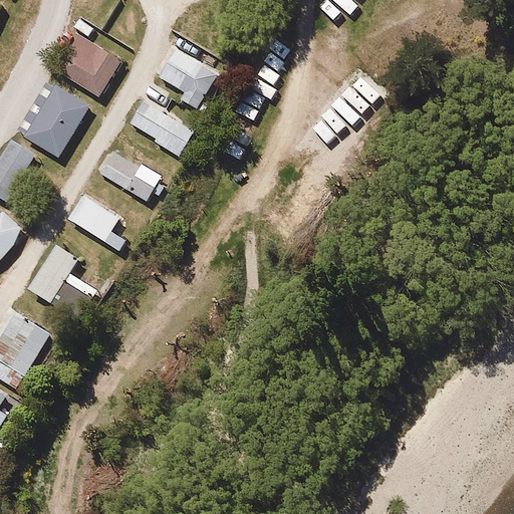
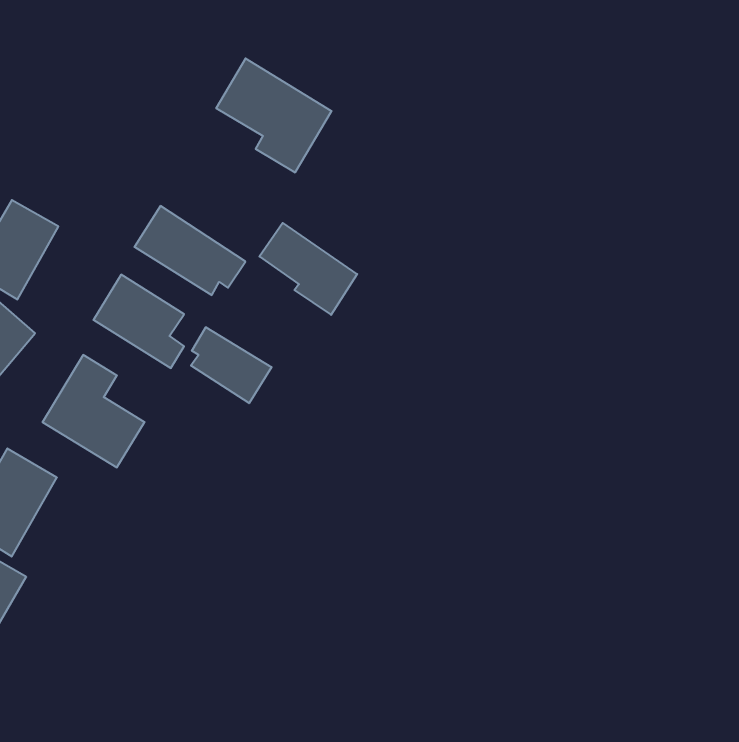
building: [54,29,122,97] -> none
building: [24,84,88,156] -> none
building: [126,97,194,161] -> [259,223,357,315]
building: none -> [191,327,272,403]

